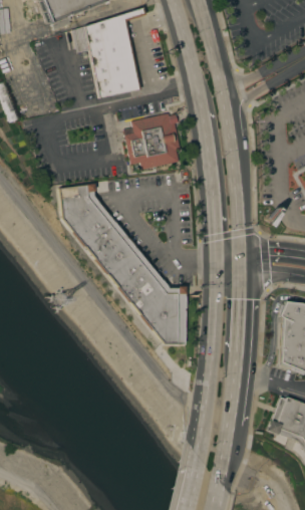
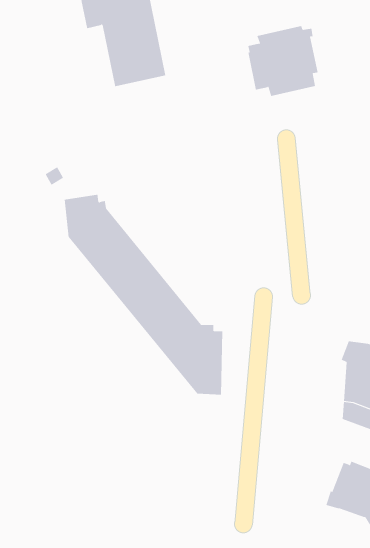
building: [125,112,182,169] -> [248,26,318,96]

